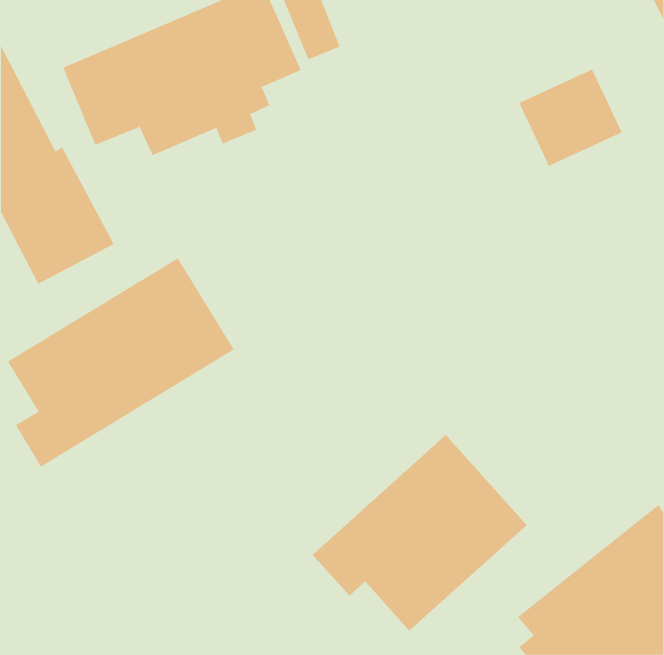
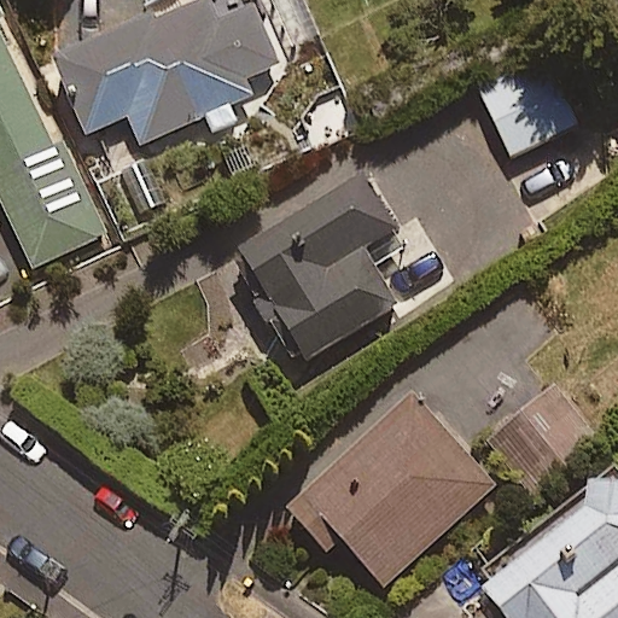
building: none -> [232,177,402,365]
building: [7,257,234,467] -> none

